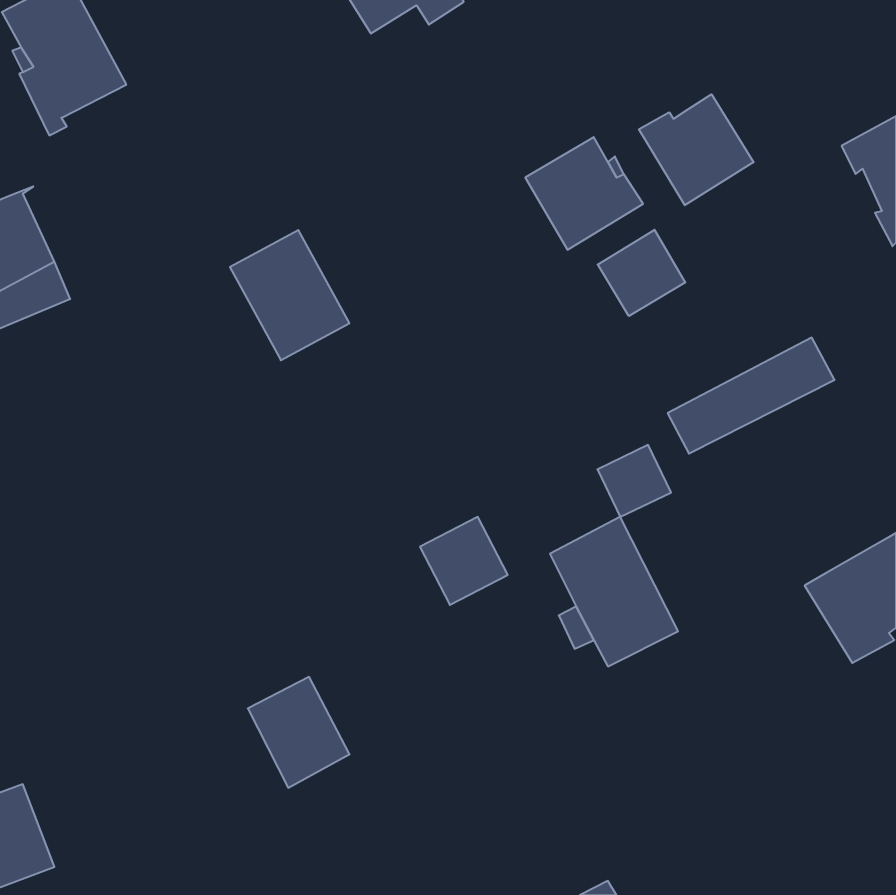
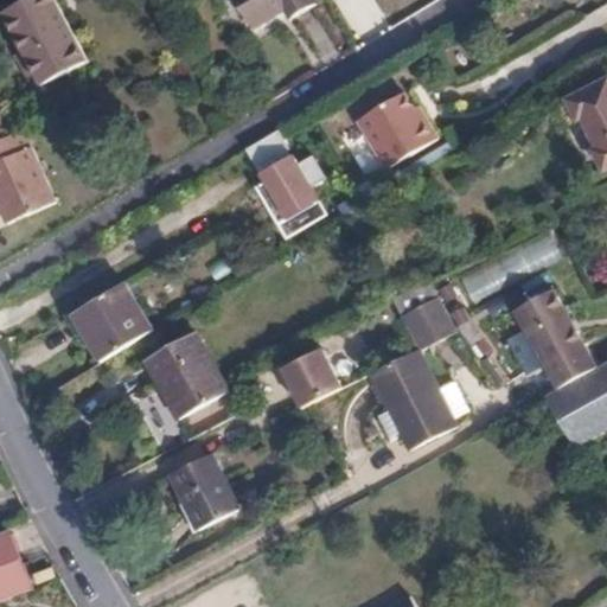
building: [639,94,754,205] -> none
building: [598,230,685,316] -> none
building: [230,230,349,360] -> [248,154,328,242]
building: none -> [68,281,148,360]
building: none -> [513,285,599,386]
building: none -> [141,330,226,422]

